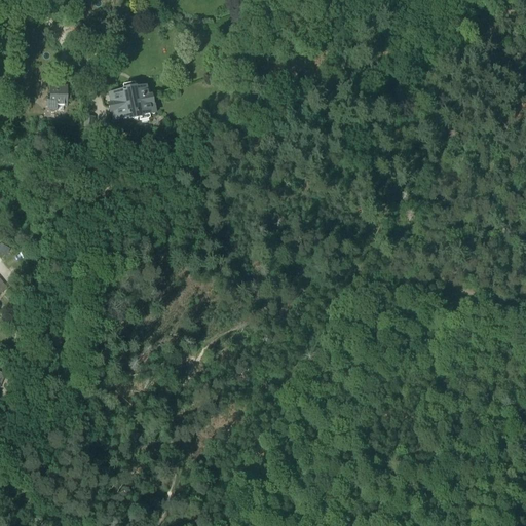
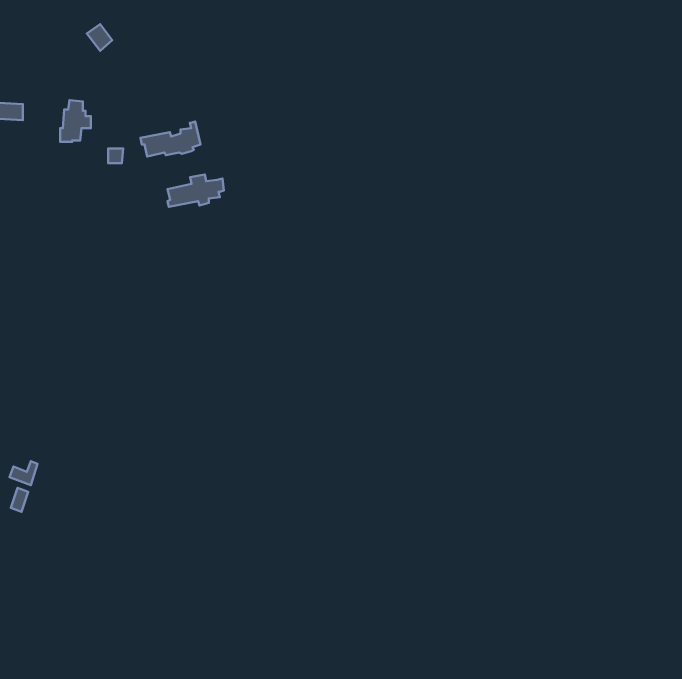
building: [107,81,150,106] -> [168,175,224,207]

